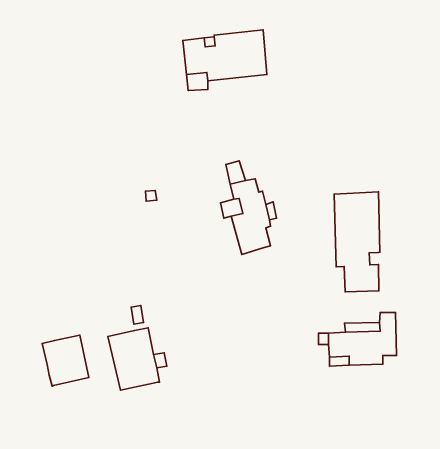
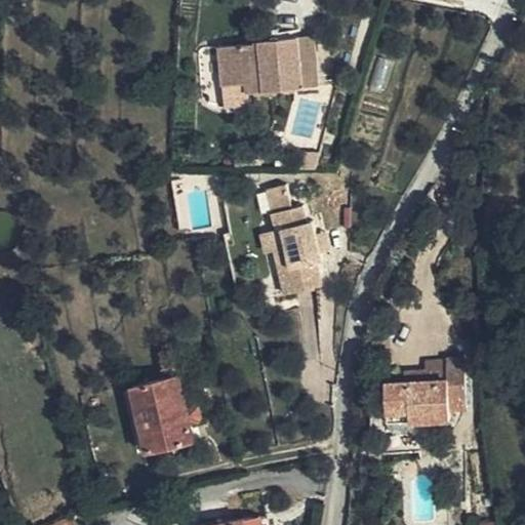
building: [334,192,380,292] -> none
building: [42,335,89,386] -> none

